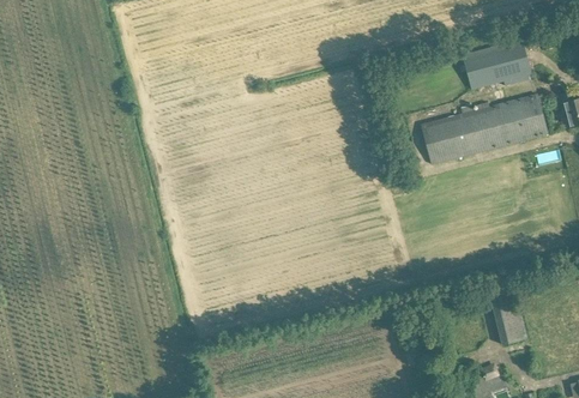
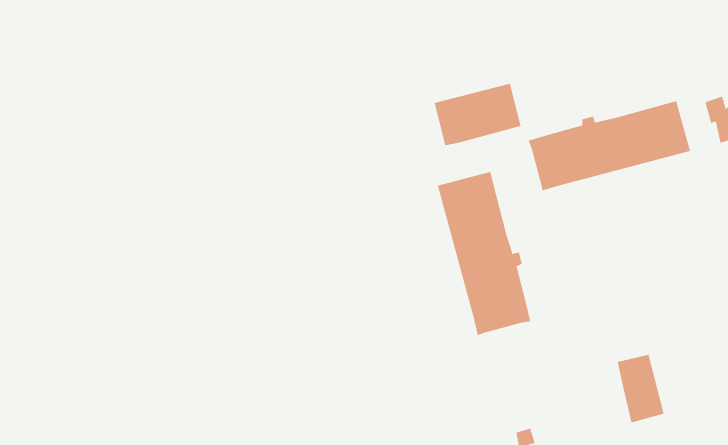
building: [463,41,531,90] -> [434,83,521,146]
building: none -> [437,171,531,336]

